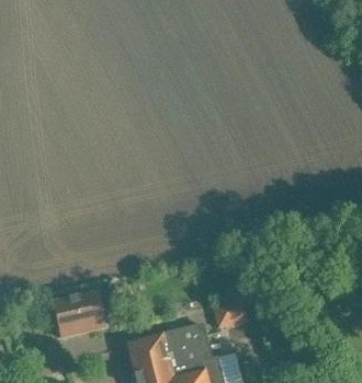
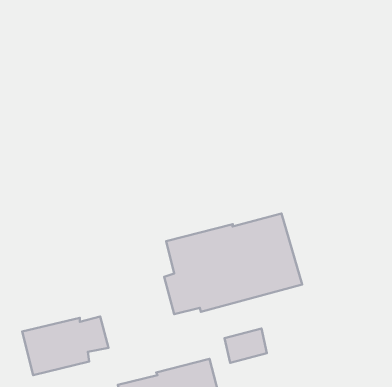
building: none -> [164,214,302,314]

